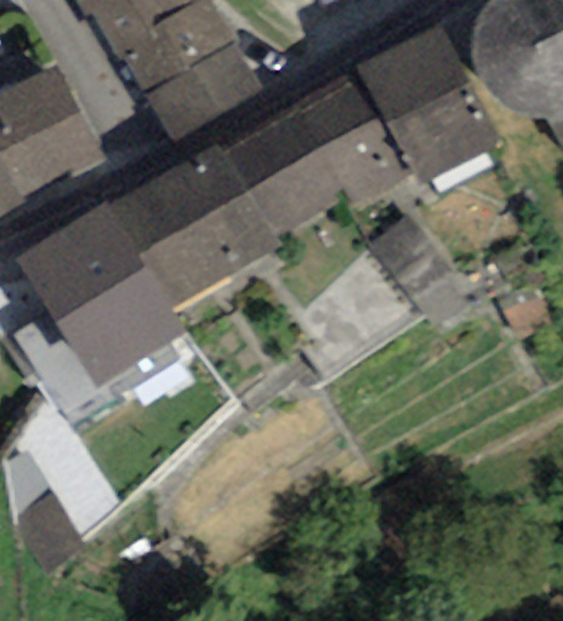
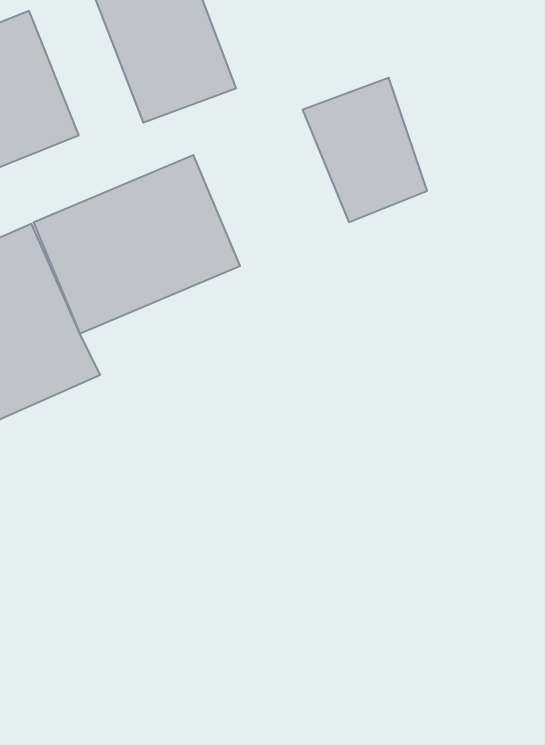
building: [347,46,460,171] -> none
building: [207,112,331,235] -> none

